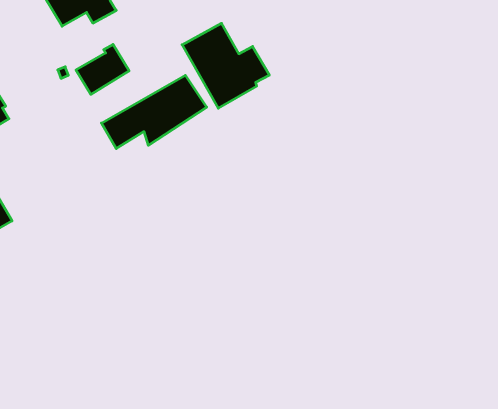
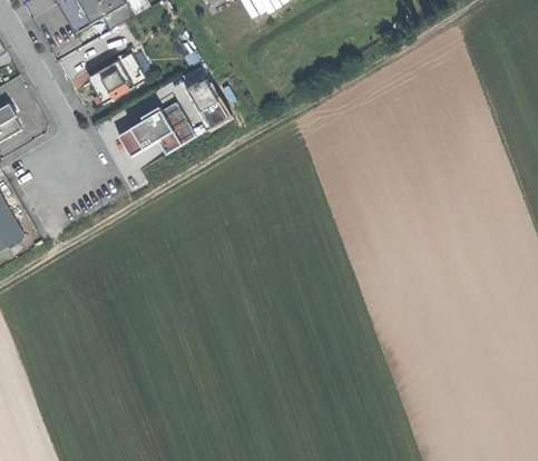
building: [182,23,269,108] -> none

